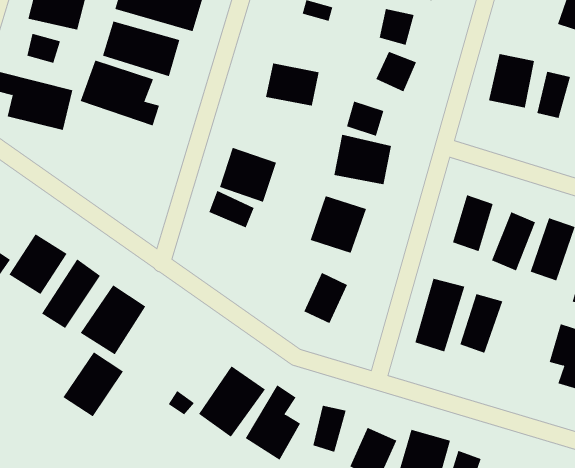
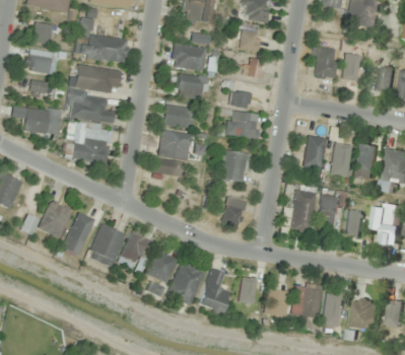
building: none -> [170,44,205,72]
building: none -> [162,105,194,129]
building: none -> [64,122,112,163]
building: none -> [345,210,363,237]
building: none -> [145,251,177,284]
building: [63,352,124,417] -> [118,232,152,272]

